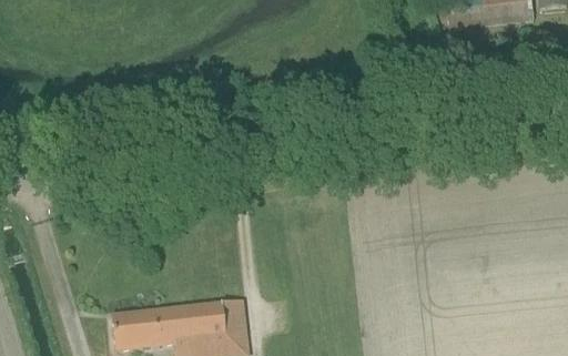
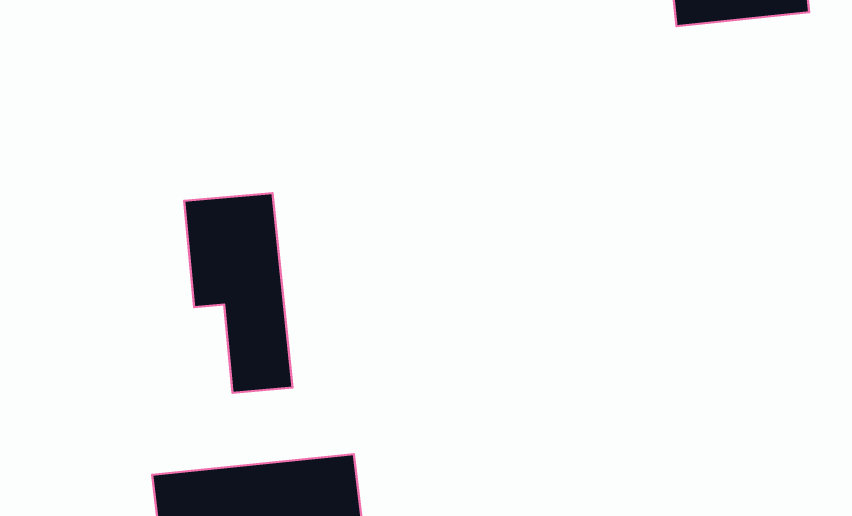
building: none -> [184,193,292,393]

